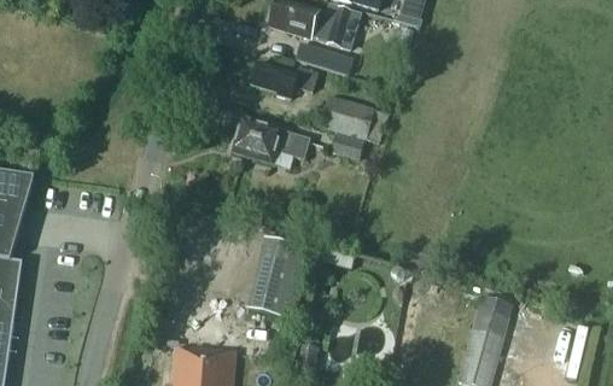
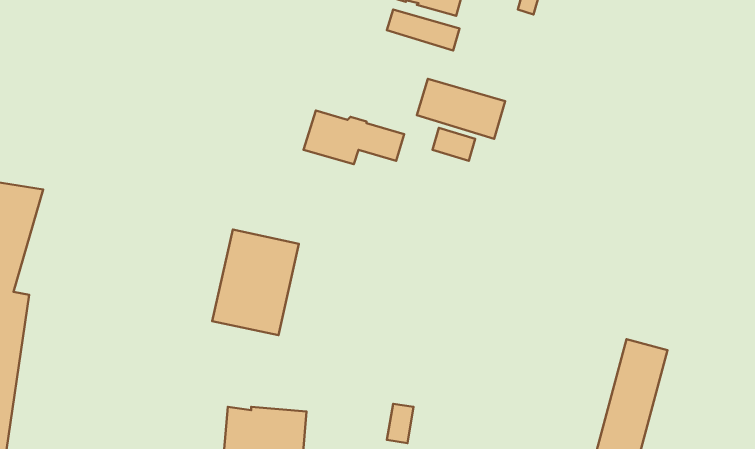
building: [252,62,317,98] -> none
building: [240,236,307,317] -> [212,230,299,335]

